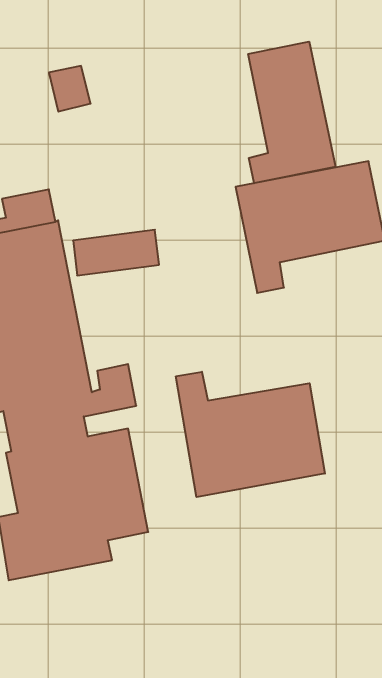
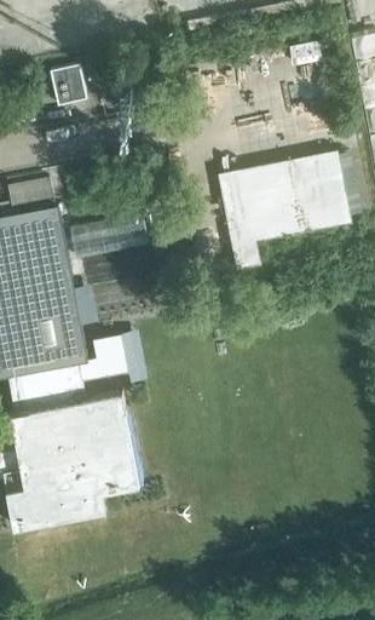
building: [248,42,335,183] -> none
building: [176,372,325,497] -> none

